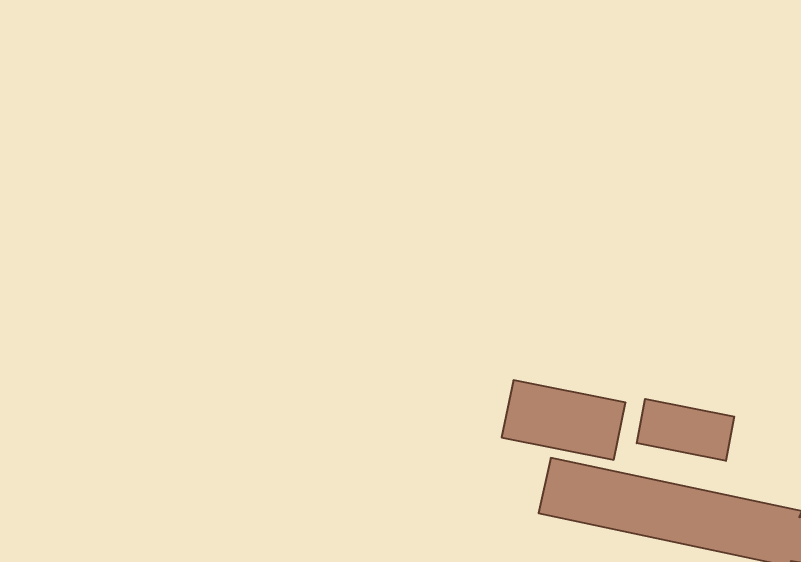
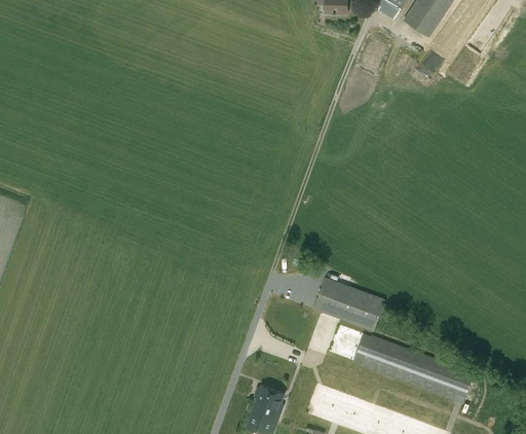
building: [637,399,734,461] -> none

